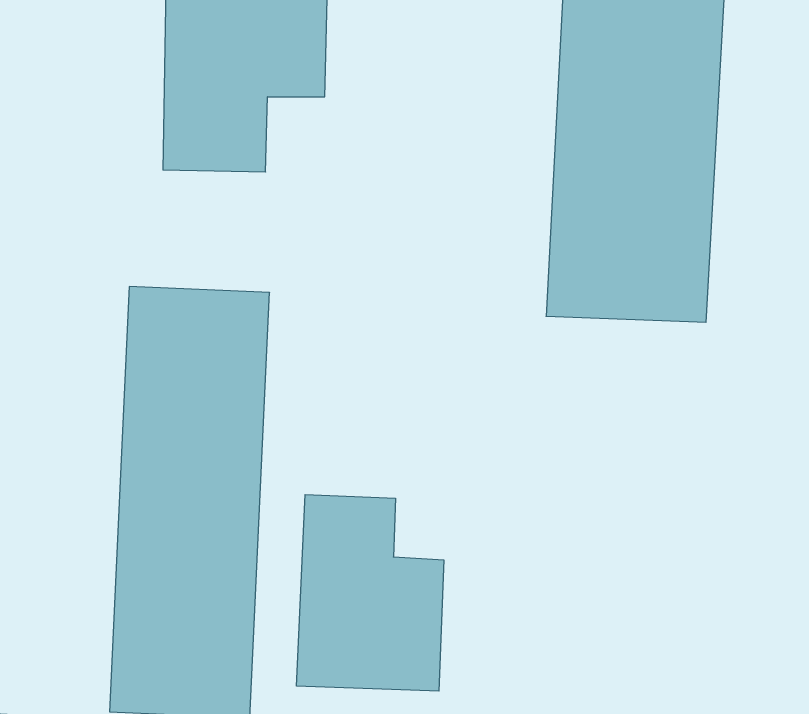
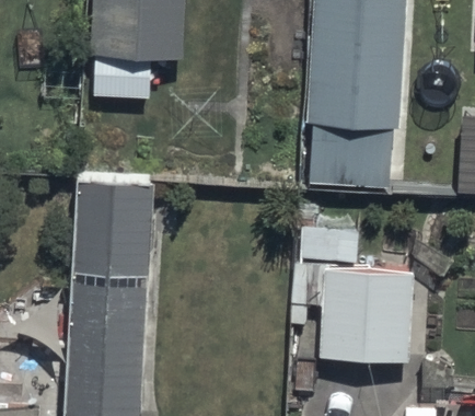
building: none -> [289,224,412,357]
building: [297,495,444,691] -> none

